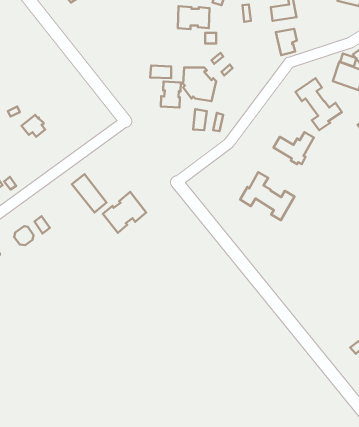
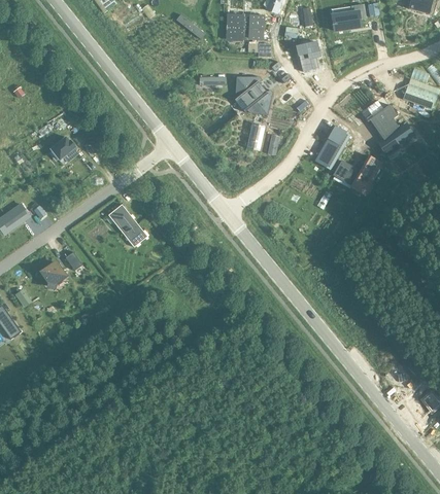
building: [276,29,297,55] -> [296,41,319,71]
building: [161,82,181,108] -> none
building: none -> [316,127,347,167]
building: [240,172,294,220] -> none
building: [103,192,146,233] -> none

